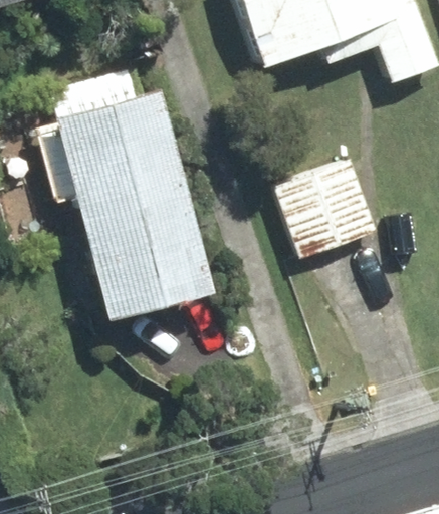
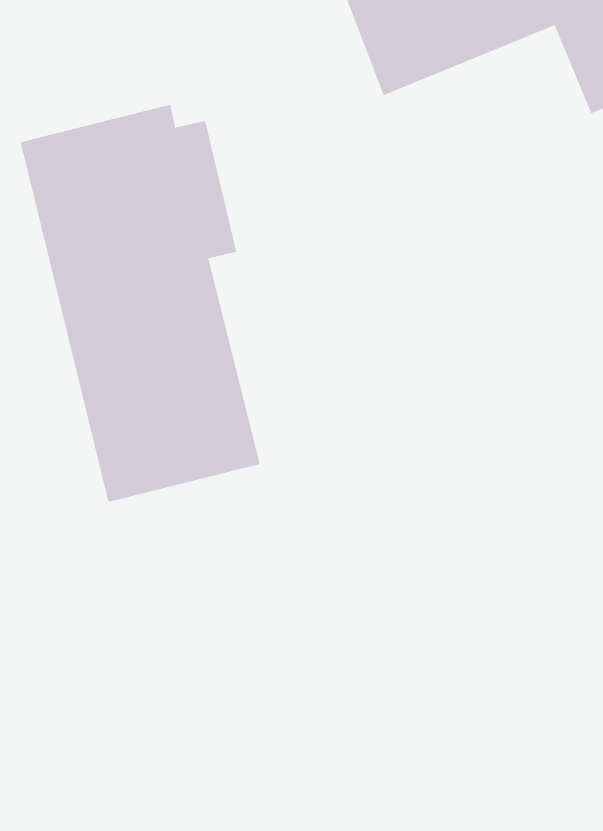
building: [276,157,376,257] -> none

